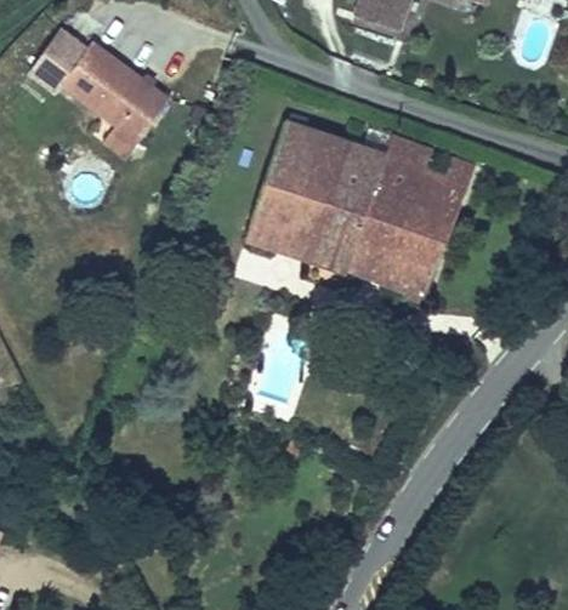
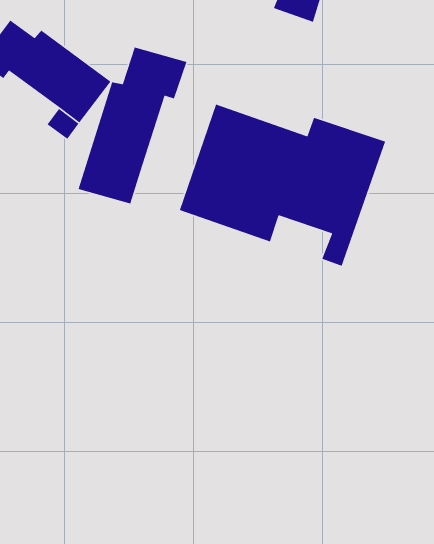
building: none -> [77,47,187,205]
building: [346,245,413,292] -> none

